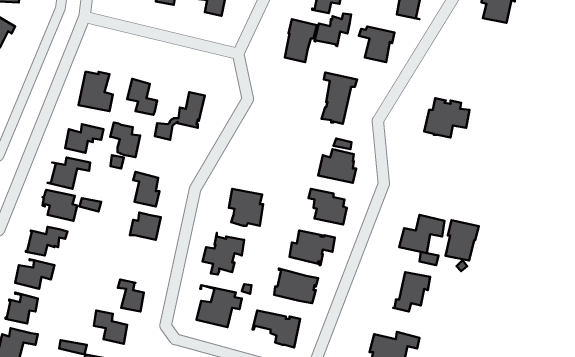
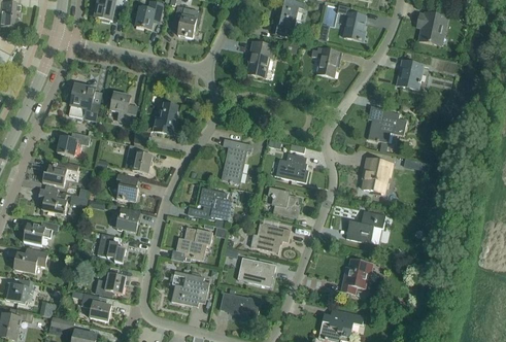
building: [315,13,351,46] -> none
building: none -> [396,60,423,89]
building: [321,72,357,124] -> [221,138,251,182]
building: [110,122,140,157] -> [126,143,151,173]
building: [445,220,479,261] -> [362,158,391,193]
building: none -> [97,233,125,263]

